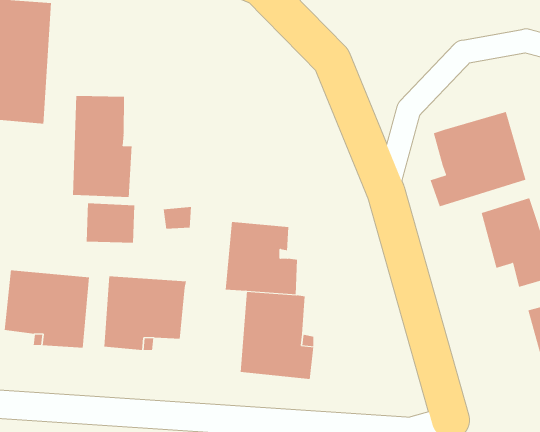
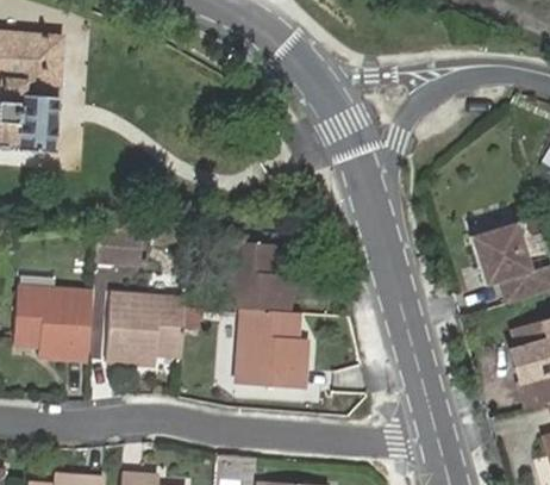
building: [73,95,132,198] -> none
building: [430,111,526,207] -> none

